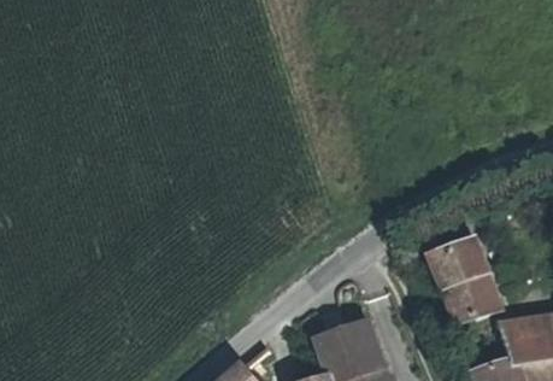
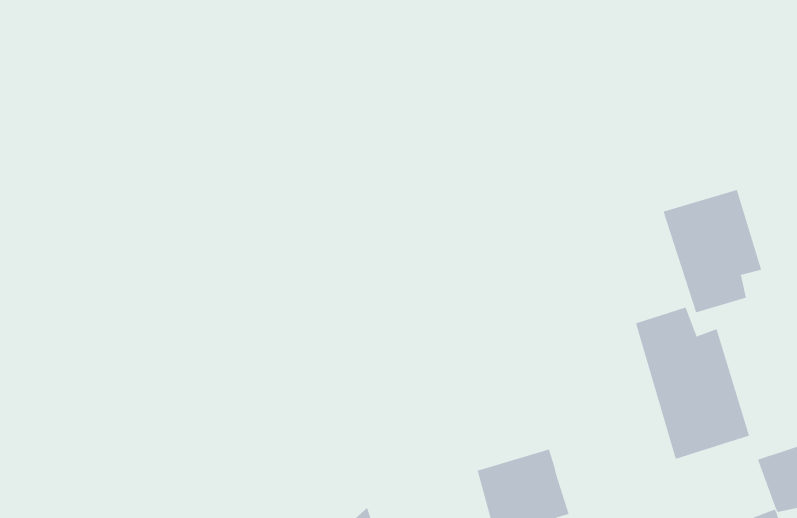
building: none -> [663,189,762,313]

